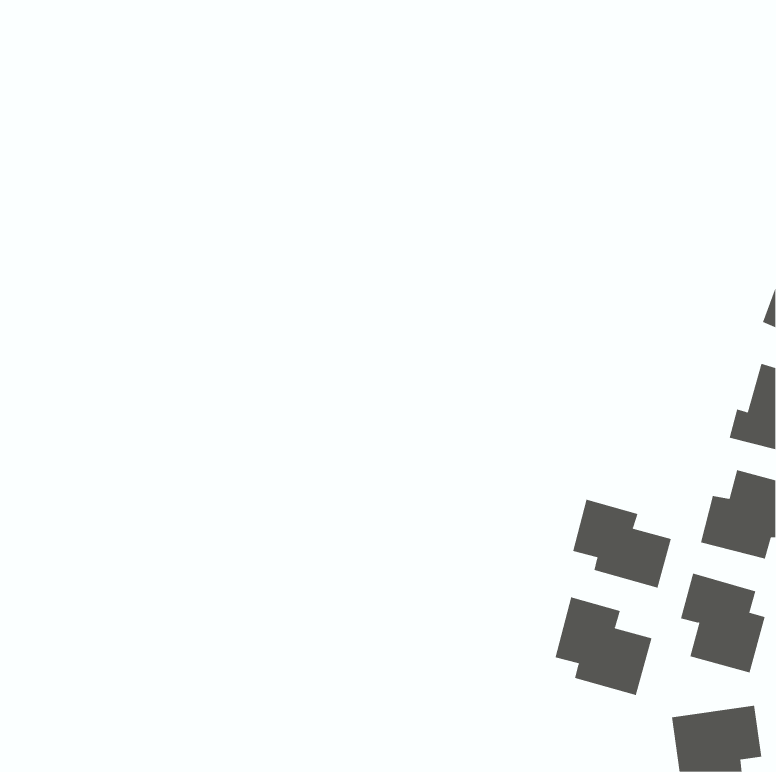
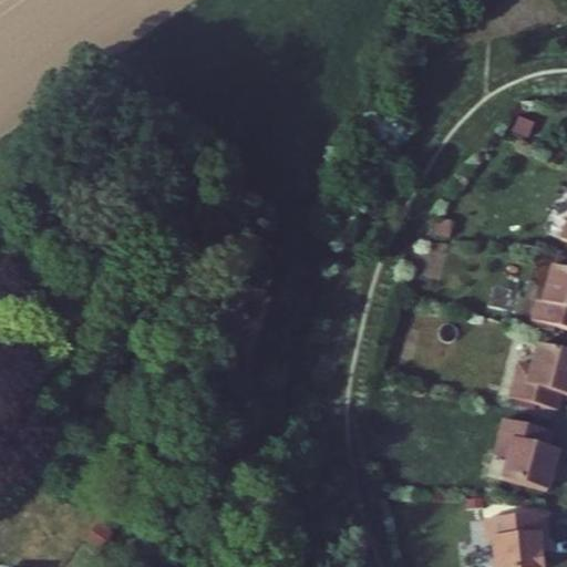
building: [572,499,672,588] -> none
building: [555,597,652,696] -> none

